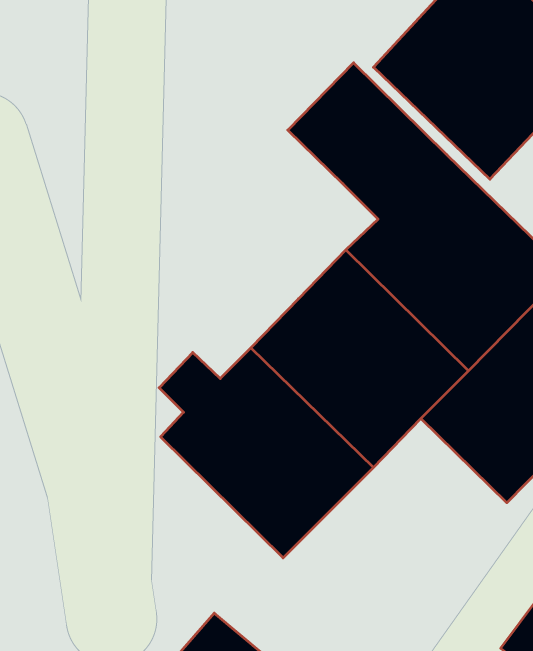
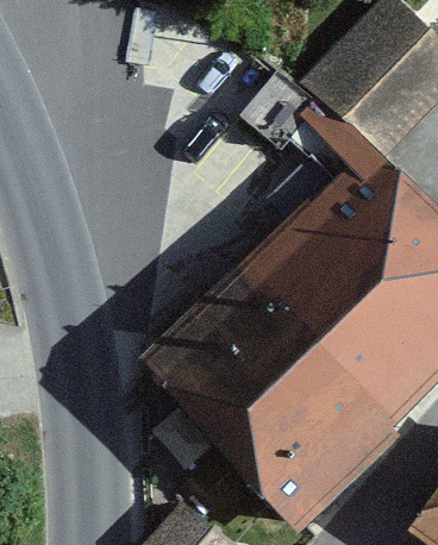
building: none -> [239,350,413,524]

